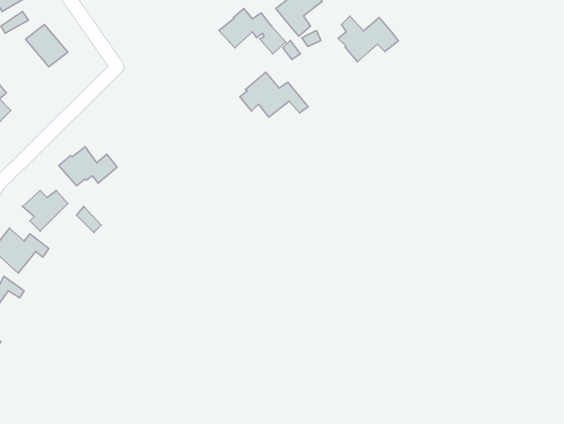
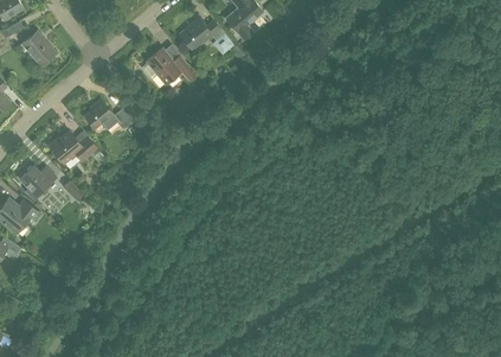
building: [338,16,398,62] -> none
building: [240,72,308,117] -> [141,46,197,83]
building: none -> [84,97,136,128]

